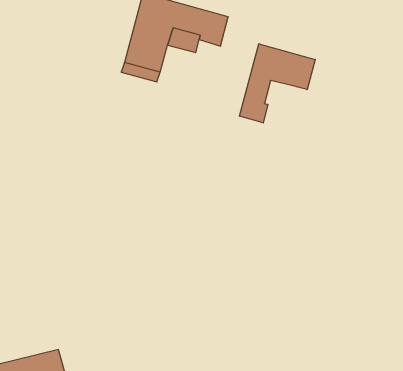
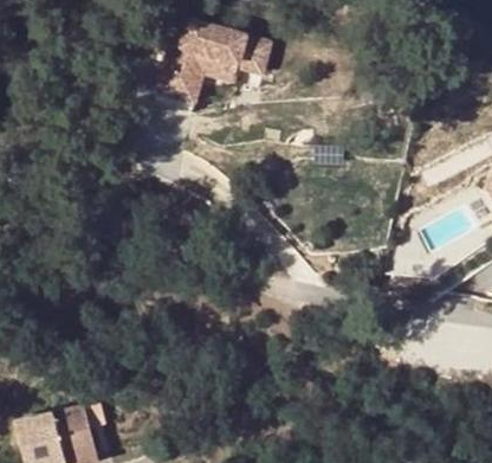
building: [240,44,315,123] -> none

